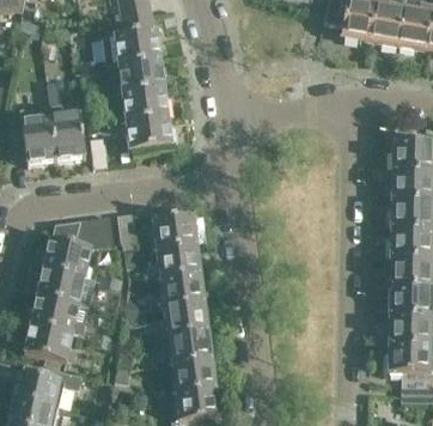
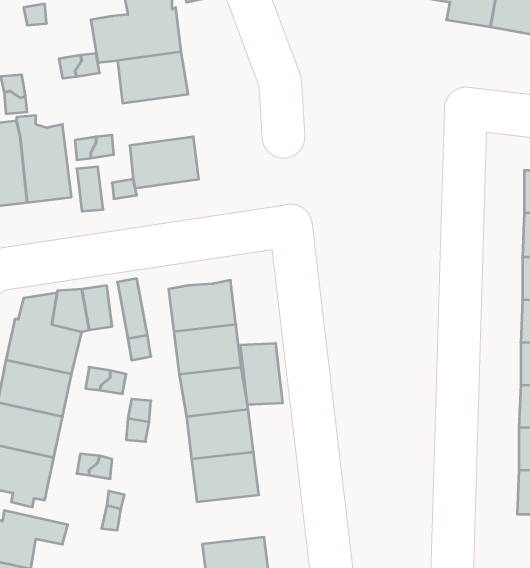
building: [121,86,169,121] -> none
building: none -> [241,343,282,405]
building: [171,357,216,390] -> none

